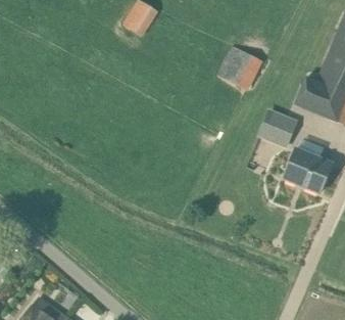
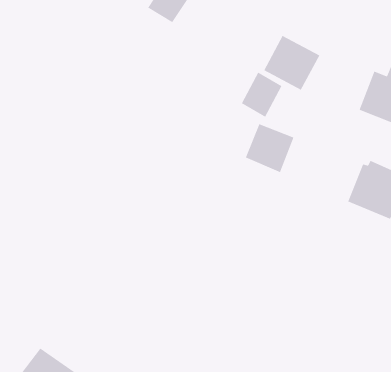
building: none -> [241,71,283,118]
building: [257,109,297,149] -> [245,123,294,173]

